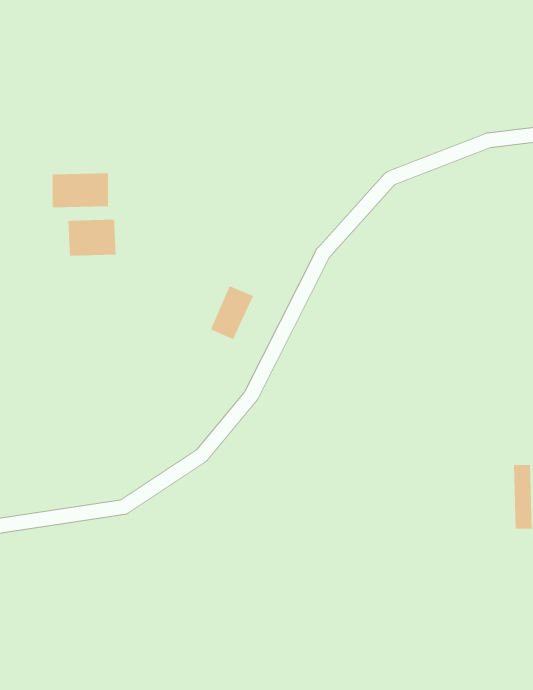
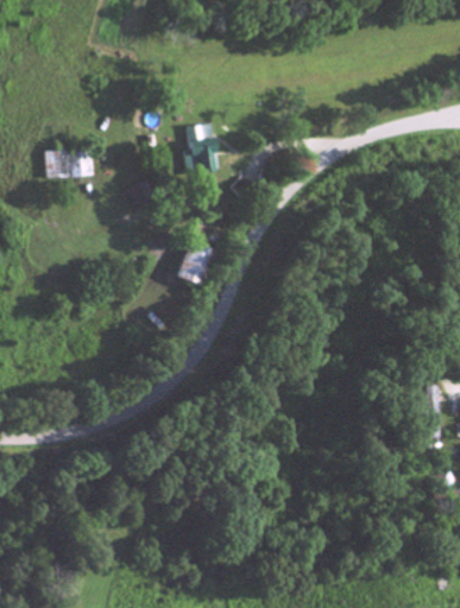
building: none -> [189,124,215,171]
building: [68,219,116,257] -> none

